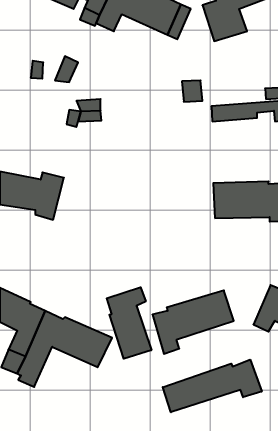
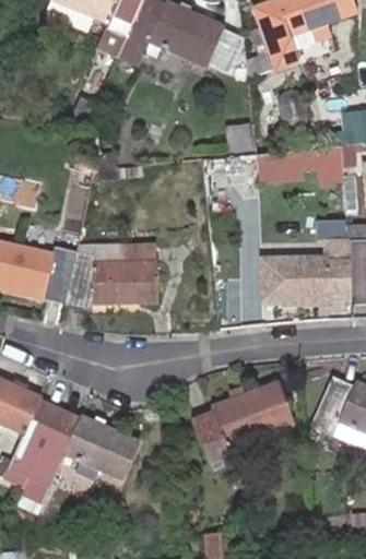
building: none -> [66,245,161,300]
building: [107,287,151,359] -> none
building: [163,360,262,412] -> none

